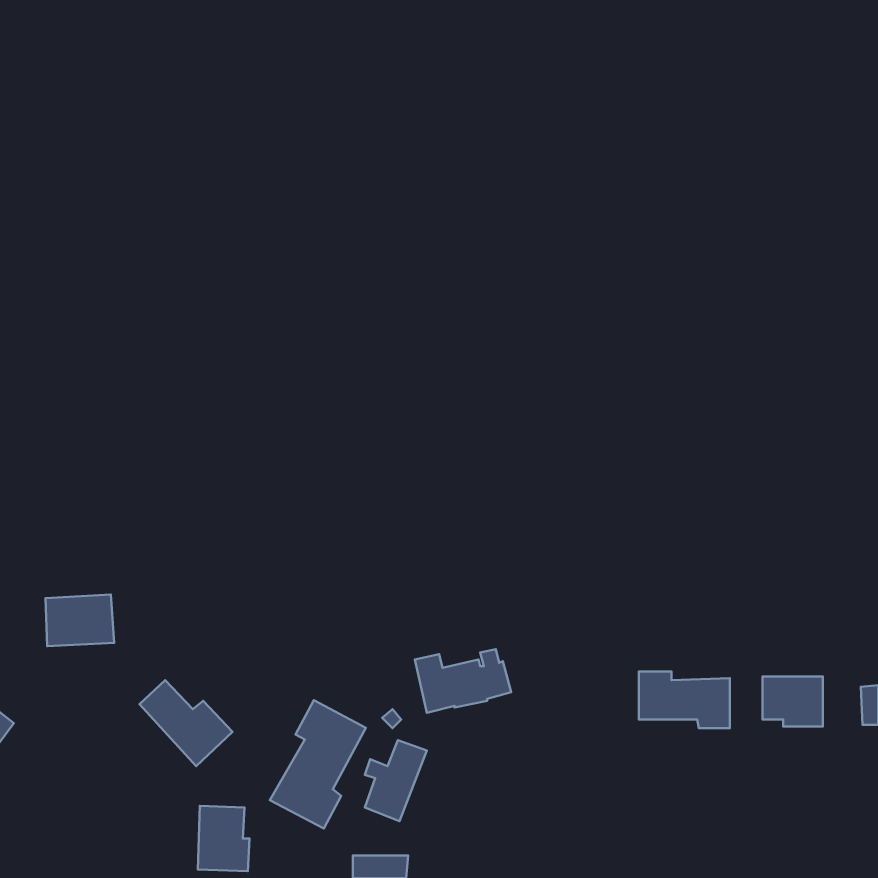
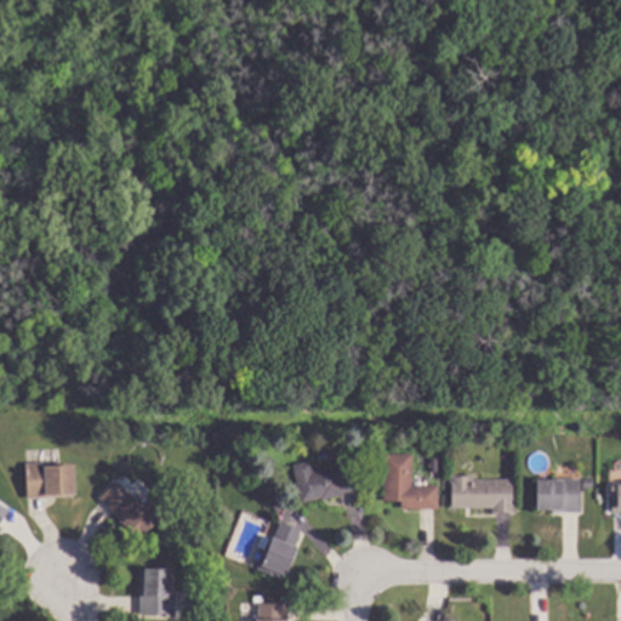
building: [45,595,114,646] -> [25,461,74,497]
building: none -> [383,452,438,507]
building: [270,700,366,828] -> none

